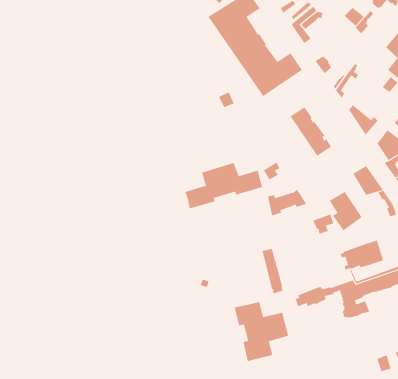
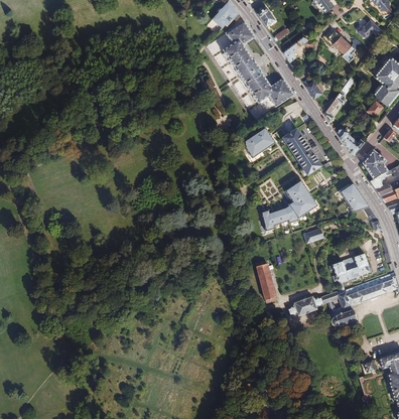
building: none -> [246,128,275,156]
building: [185,162,263,209] -> none
building: [329,191,363,231] -> [285,180,316,218]
building: [234,301,289,362] -> none

